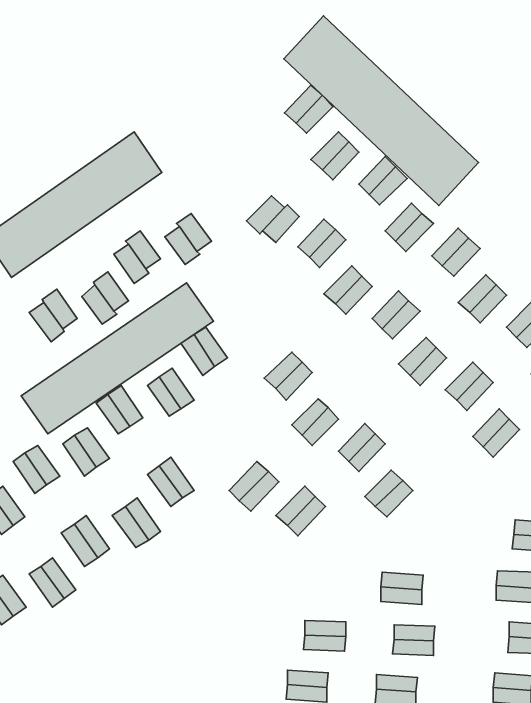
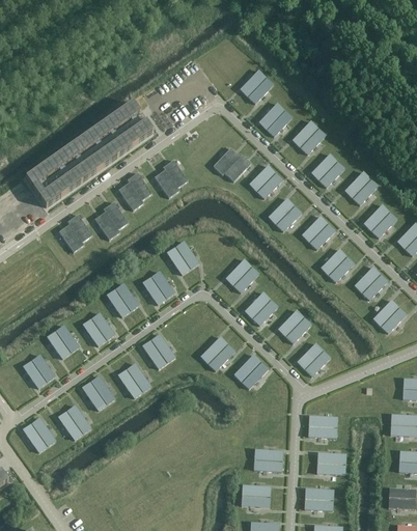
building: [284,16,479,206] -> none
building: [21,283,214,434] -> none

